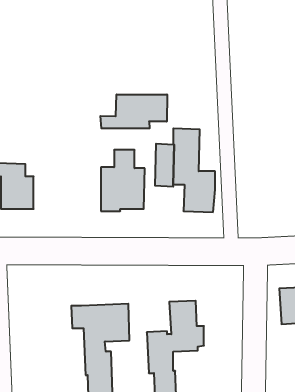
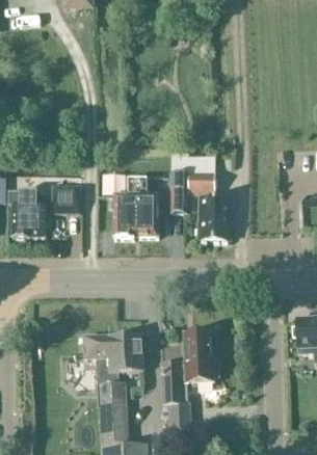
building: [100,94,167,128] -> none
building: none -> [51,185,81,211]

